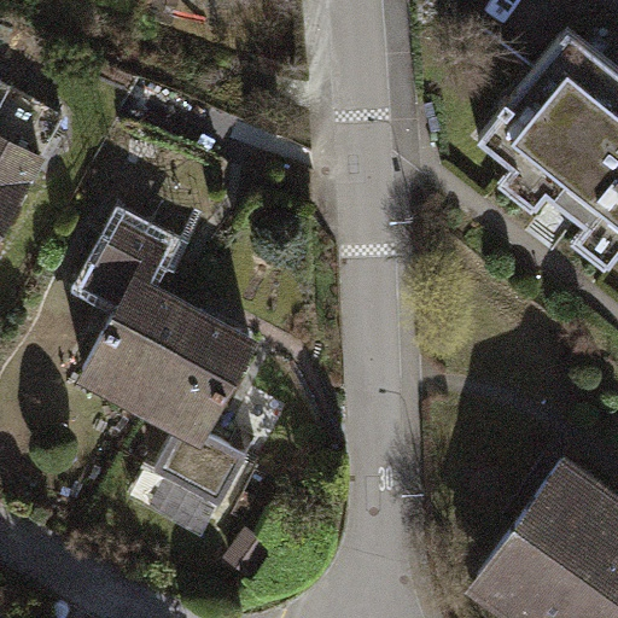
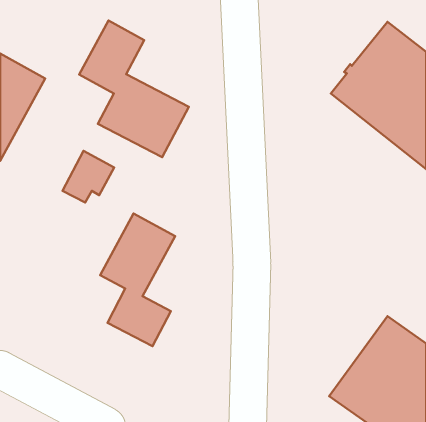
building: none -> [79,21,189,157]
building: [84,282,193,404] -> none

